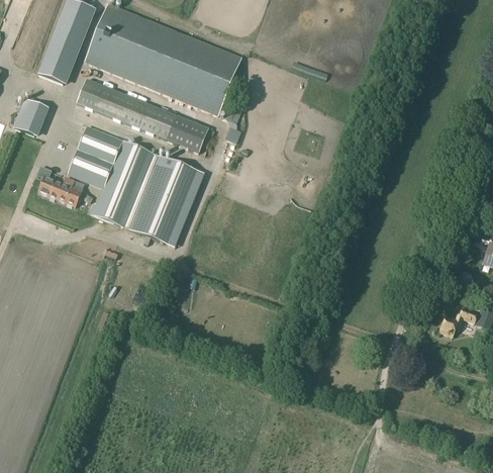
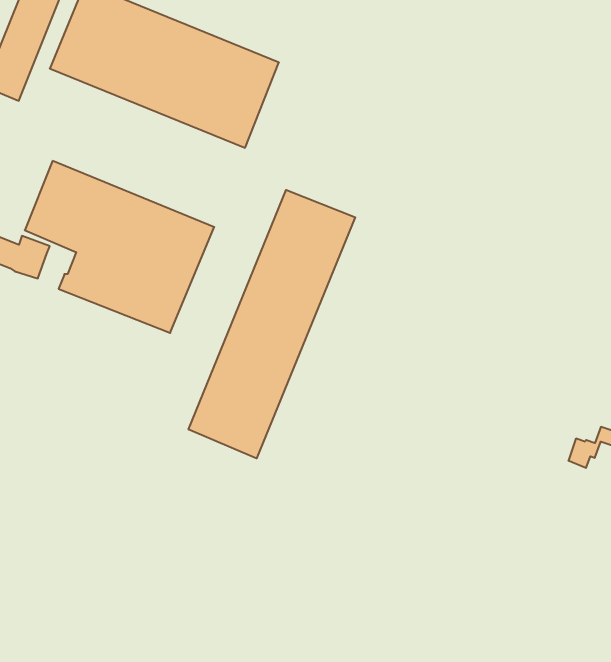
building: [76,79,209,153] -> none
building: none -> [189,190,355,458]

